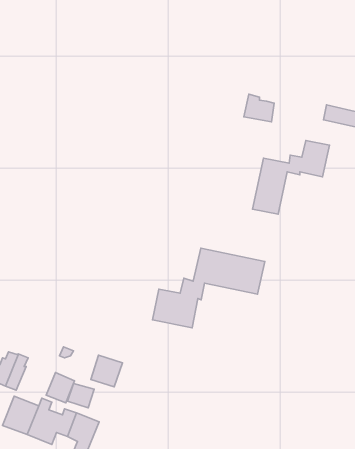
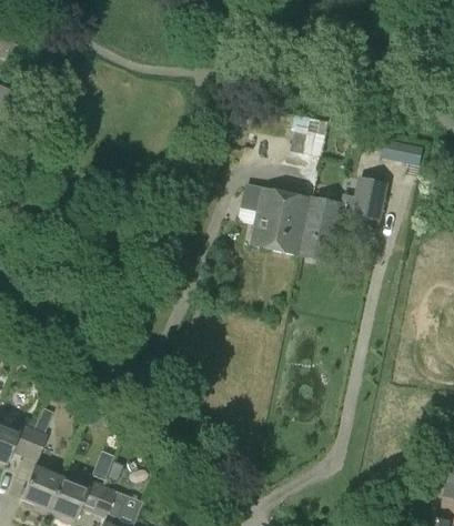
building: none -> [250,186,313,255]
building: [152,248,265,328] -> none
building: [91,355,123,387] -> none
building: [46,372,74,403] -> none

